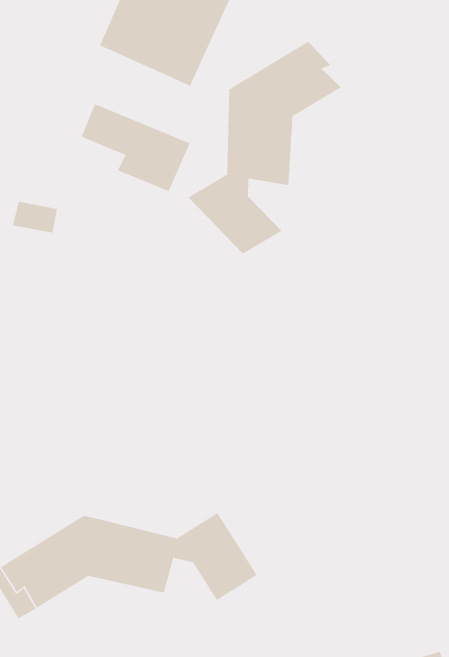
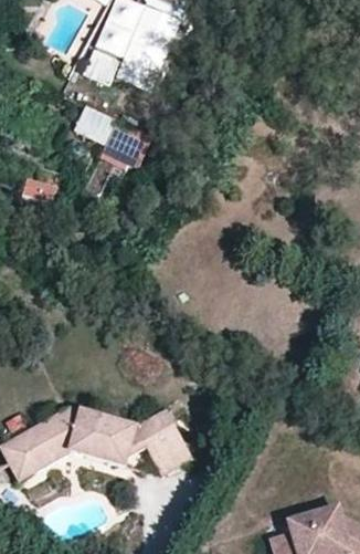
building: [188,41,342,254] -> none

